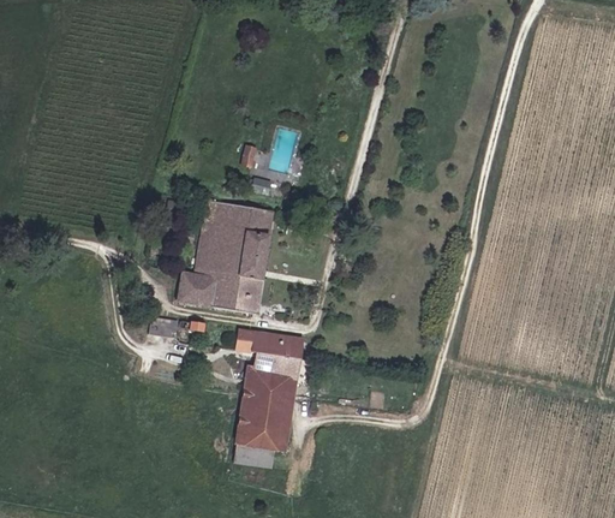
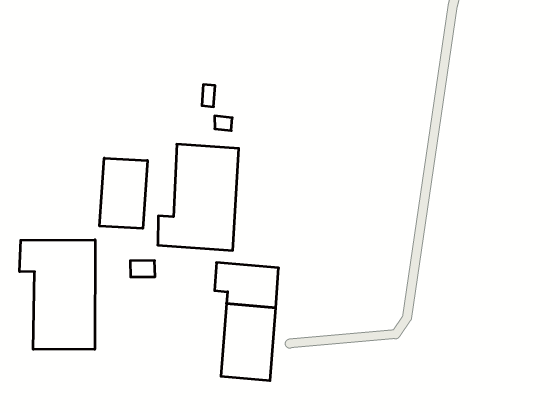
building: none -> [100,158,147,228]
building: none -> [20,240,95,349]

